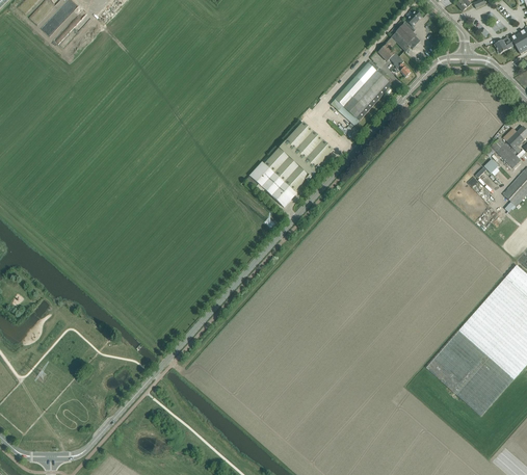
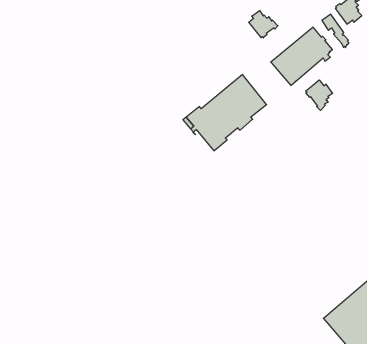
building: none -> [249,11,278,38]
building: none -> [306,80,333,110]

